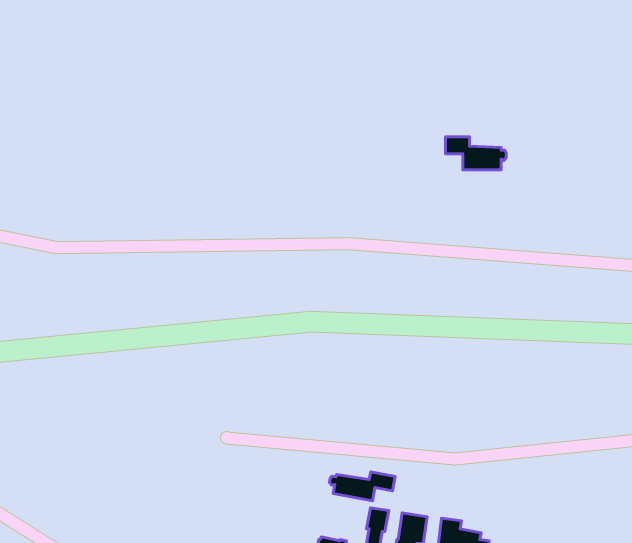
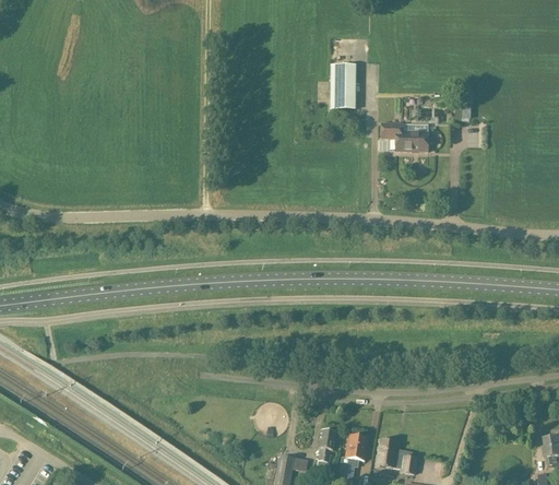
building: none -> [326,63,357,109]
building: [329,472,395,501] -> none

